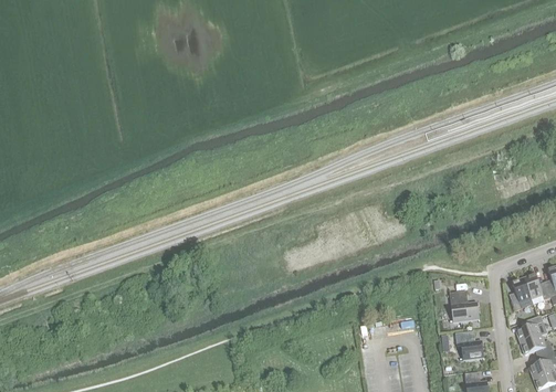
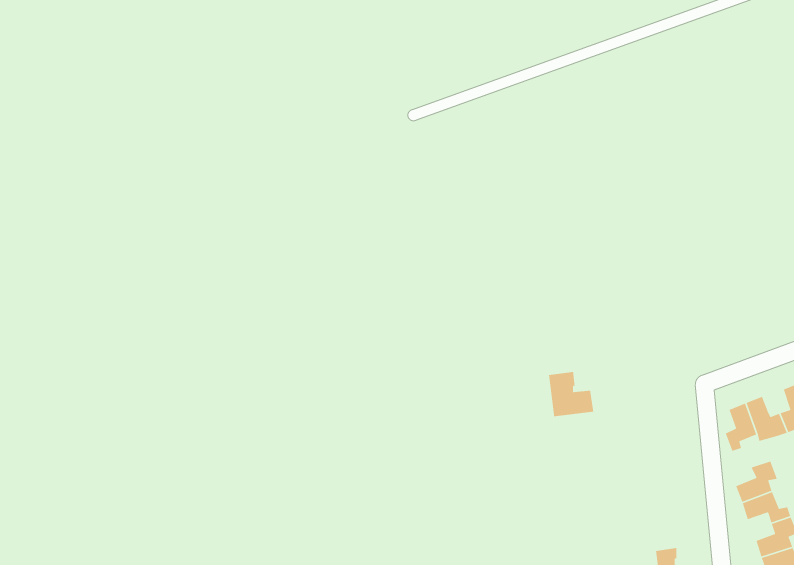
building: [448,290,478,320] -> [548,371,594,417]
building: [459,330,482,358] -> none

